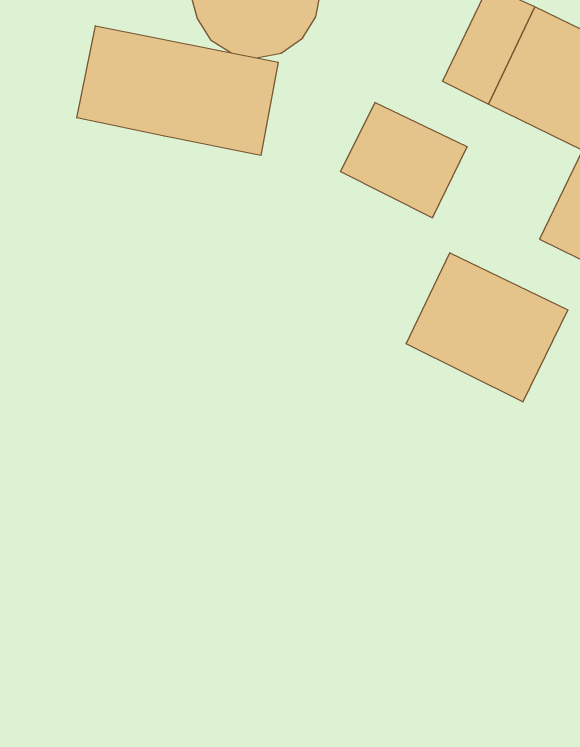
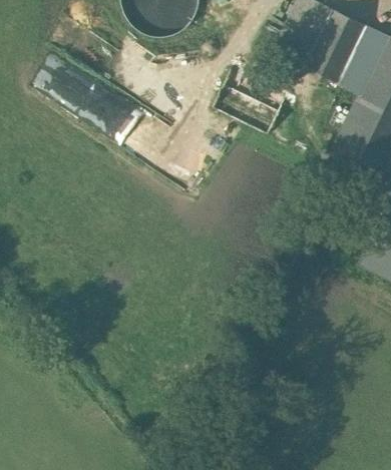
building: [77,26,278,155] -> none
building: [406,253,568,402] -> none

